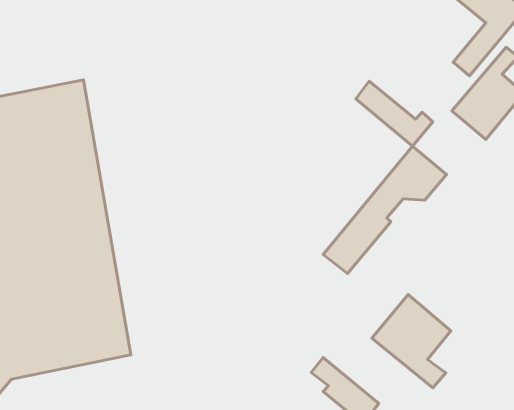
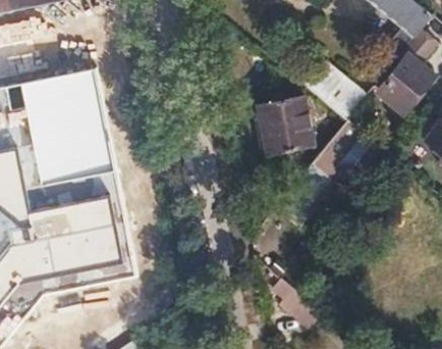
building: none -> [258,94,313,153]
building: [372,294,451,388] -> none

